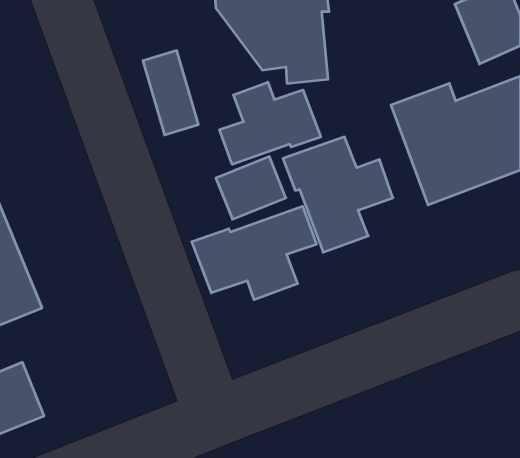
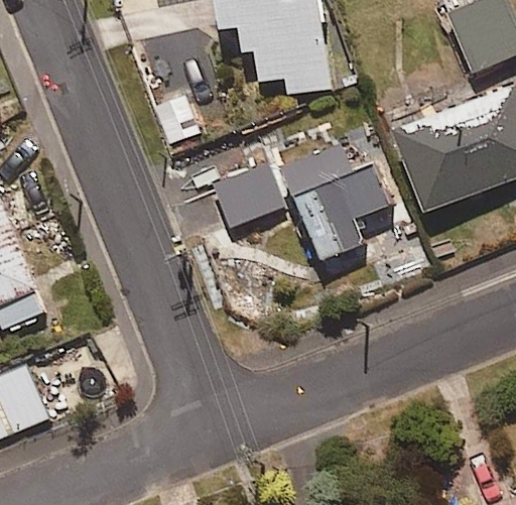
building: [220,82,321,164] -> none
building: [192,206,316,300] -> none

